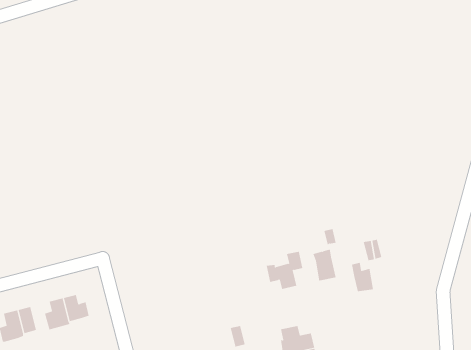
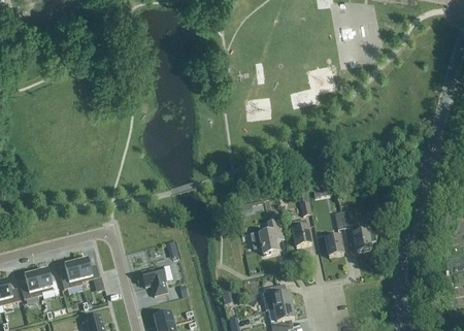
building: none -> [352,223,376,250]
building: none -> [141,265,167,294]

